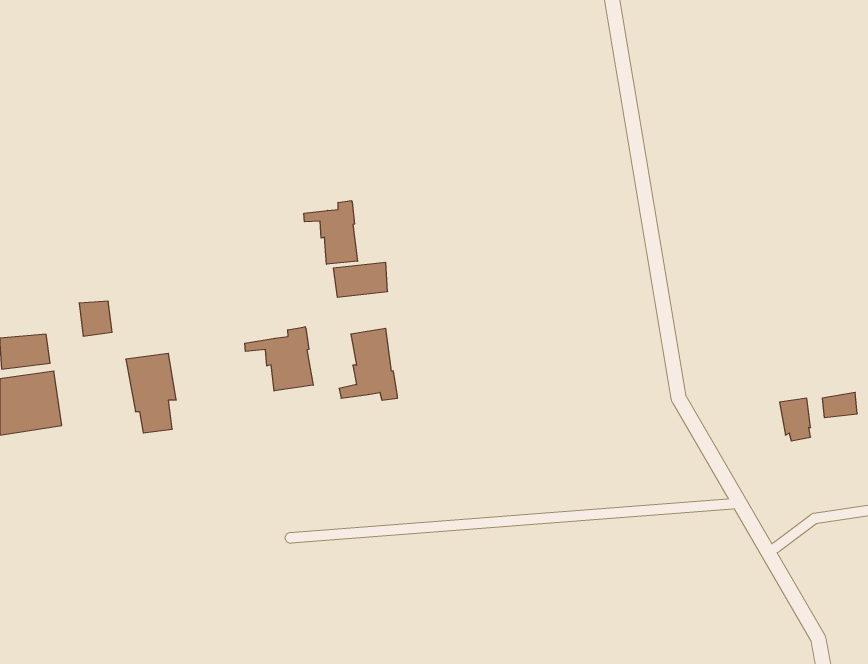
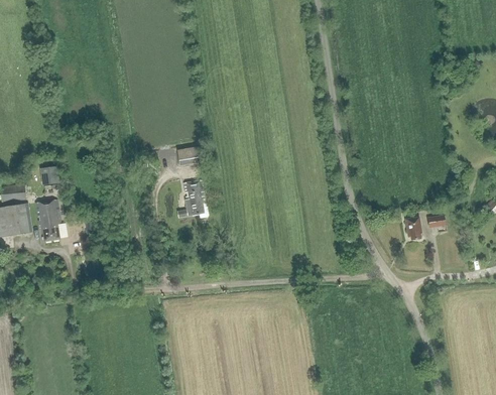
building: [304,201,358,264] -> none
building: [245,327,313,391] -> none
building: [126,353,176,433] -> [35,200,61,241]

